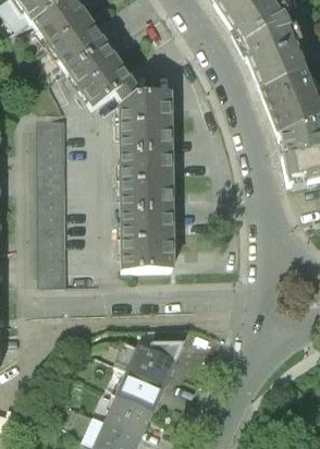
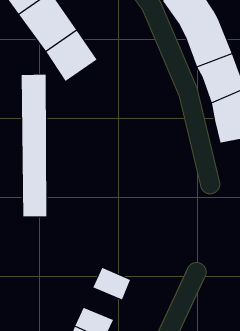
building: [120,93,173,267] -> none
building: [115,371,165,412] -> none

